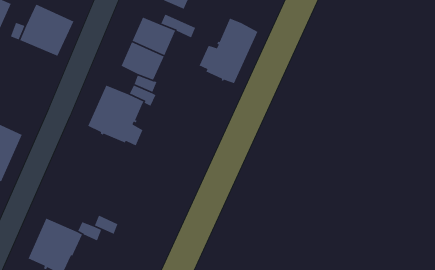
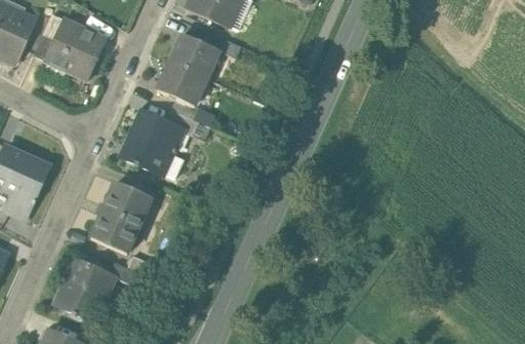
building: [199,17,259,84] -> none
building: none -> [90,180,151,252]

